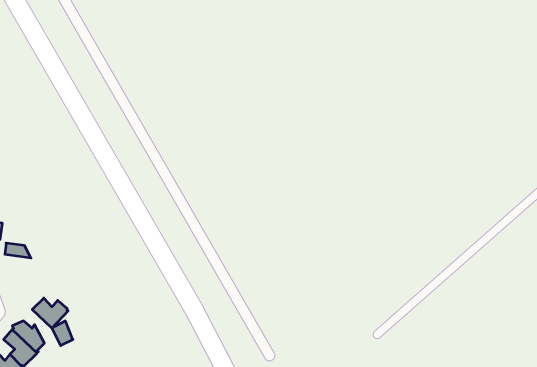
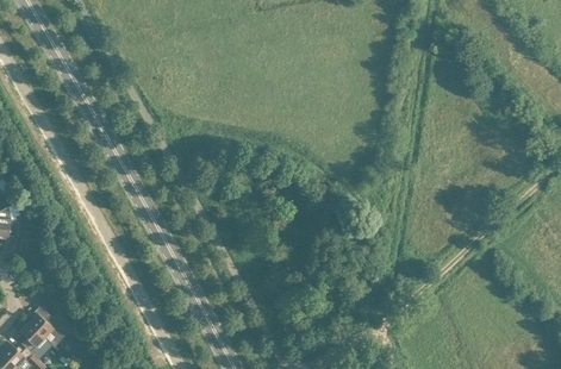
building: [32,298,68,328] -> none

